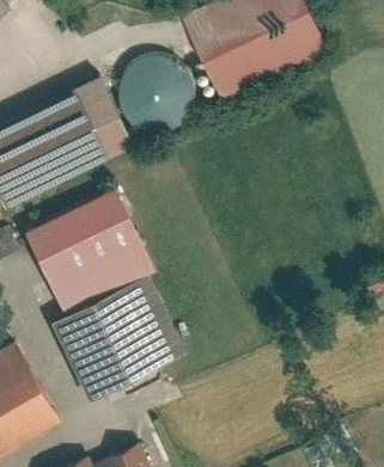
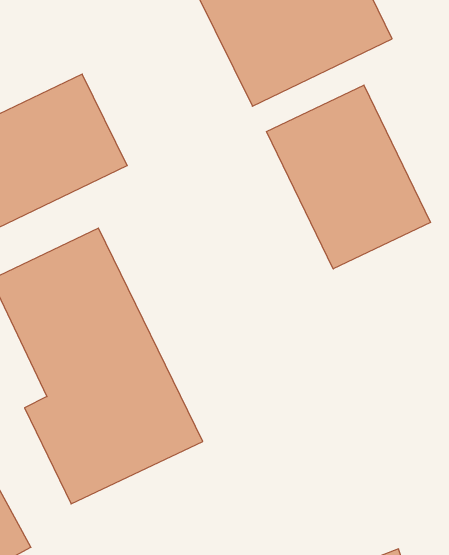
building: [115,55,194,134] -> none
building: none -> [267,85,431,269]

